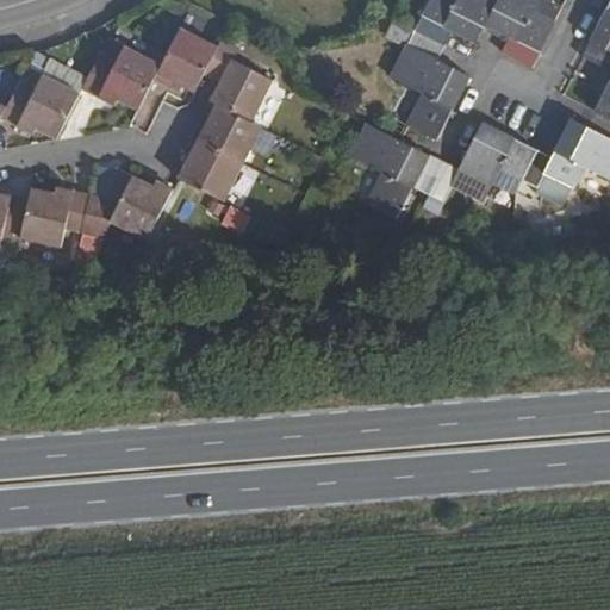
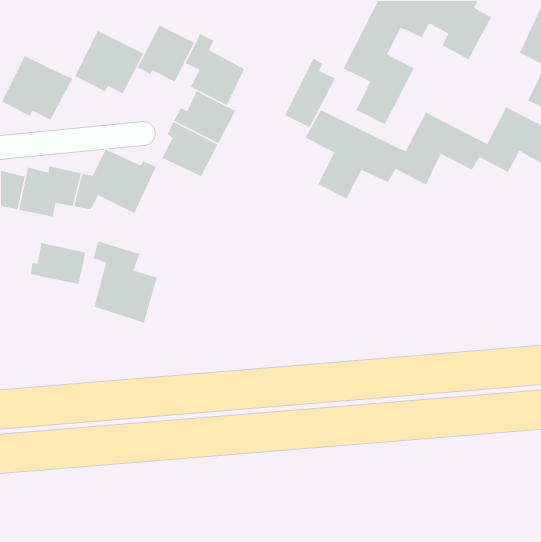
building: none -> [284,58,336,128]
building: none -> [92,240,158,323]
building: none -> [30,242,86,285]

